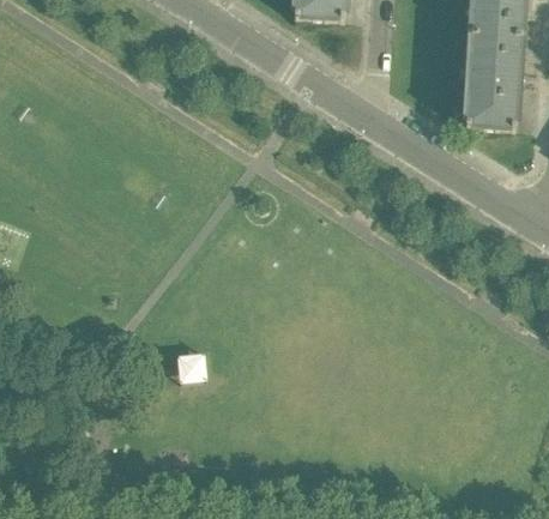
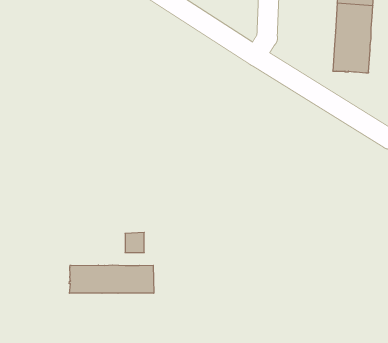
building: none -> [69,265,154,293]

